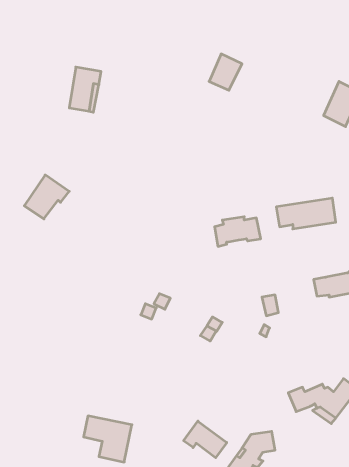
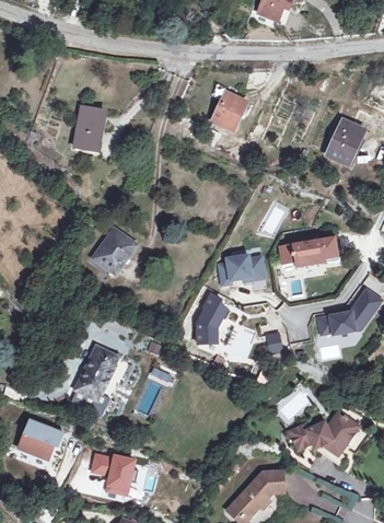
building: [24,175,69,219] -> [93,228,138,271]
building: none -> [197,293,230,341]
building: none -> [75,347,118,400]
building: none -> [19,419,62,458]
building: [184,421,227,458] -> none

